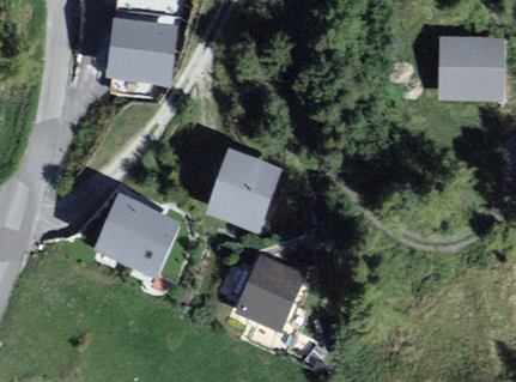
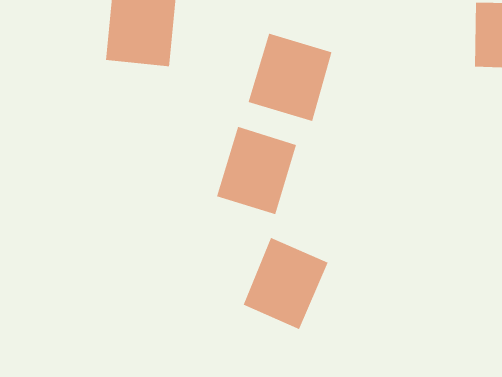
building: none -> [248,33,332,122]
building: [86,189,182,278] -> none

